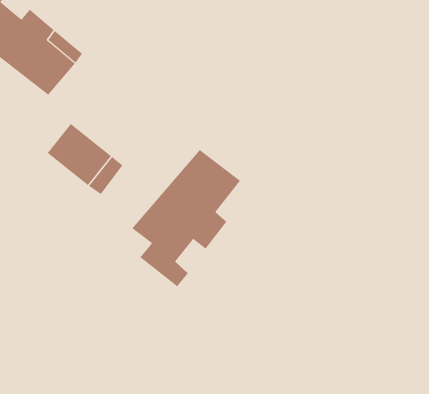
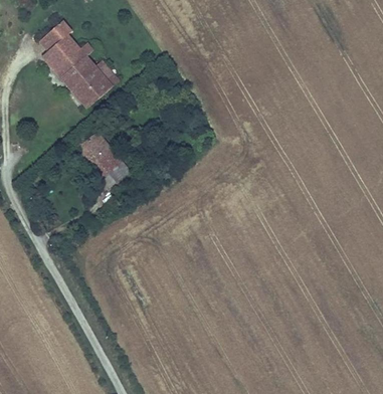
building: [132,149,241,287] -> none

